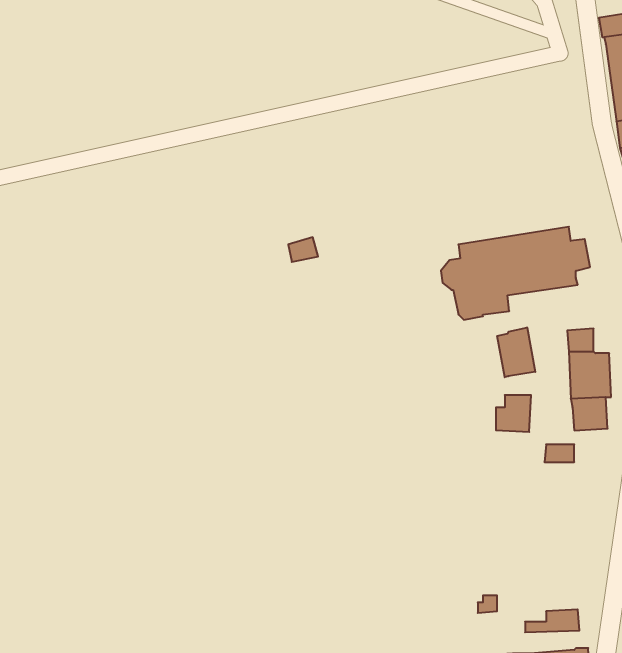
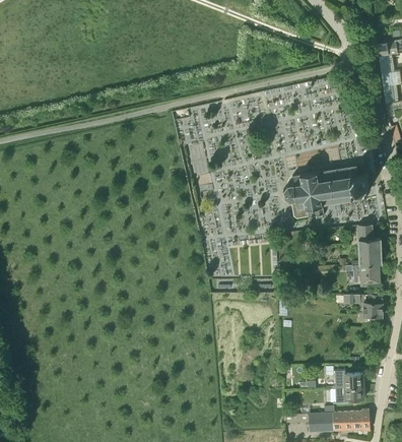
building: [497,327,535,377] -> none
building: [496,395,531,432] -> [362,295,383,316]
building: none -> [335,370,362,389]

